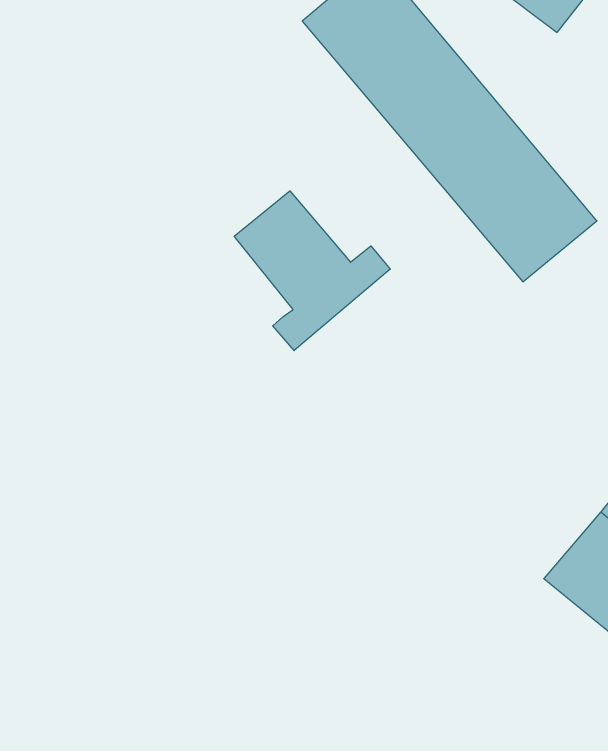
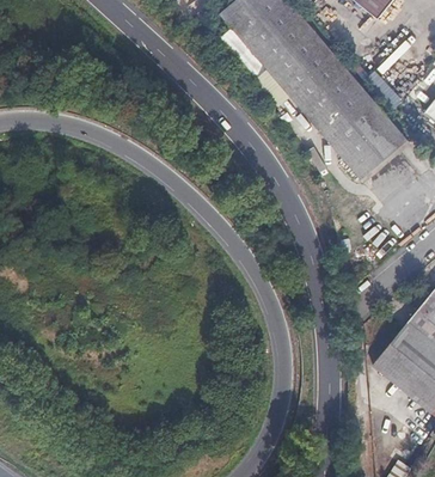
building: [234,191,390,351] -> none

